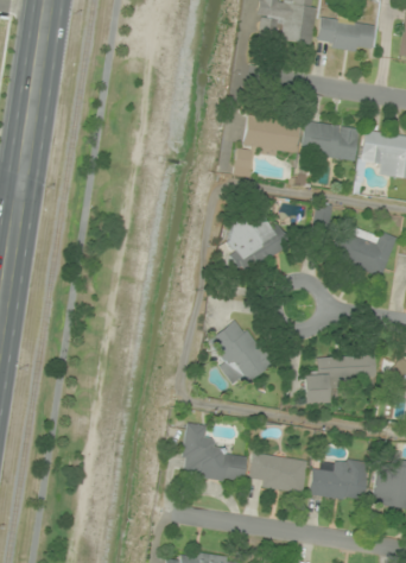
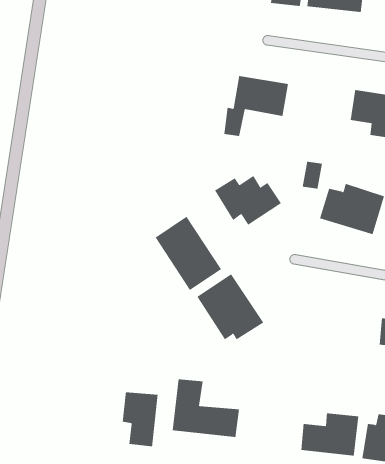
building: [300,121,359,160] -> none
building: none -> [155,216,222,291]
building: [303,355,375,404] -> none
building: none -> [122,391,158,447]
building: [250,453,307,494] -> none

